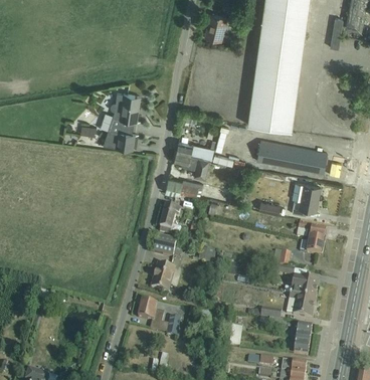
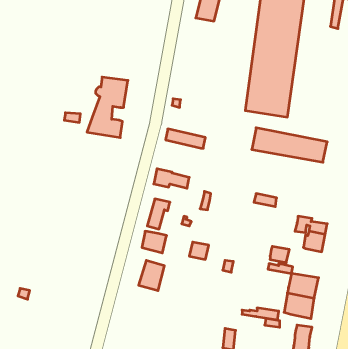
building: [174,151,209,178] -> none
building: [292,183,320,215] -> none
building: [138,300,181,336] -> none

